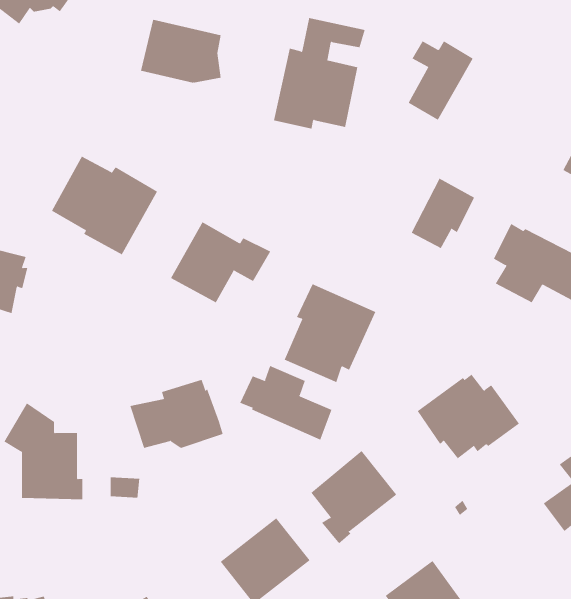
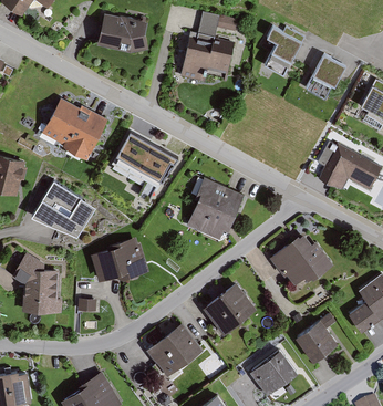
building: [411,178,475,249] -> [306,53,345,97]
building: none -> [30,180,95,237]
building: [240,365,332,441] -> none
building: none -> [294,313,338,362]

